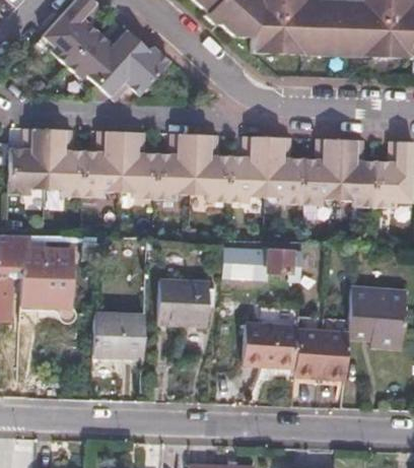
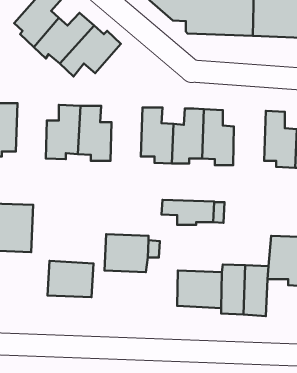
building: [50,131,86,196] -> none
building: [161,135,199,200] -> none
building: [305,139,344,205] -> none

